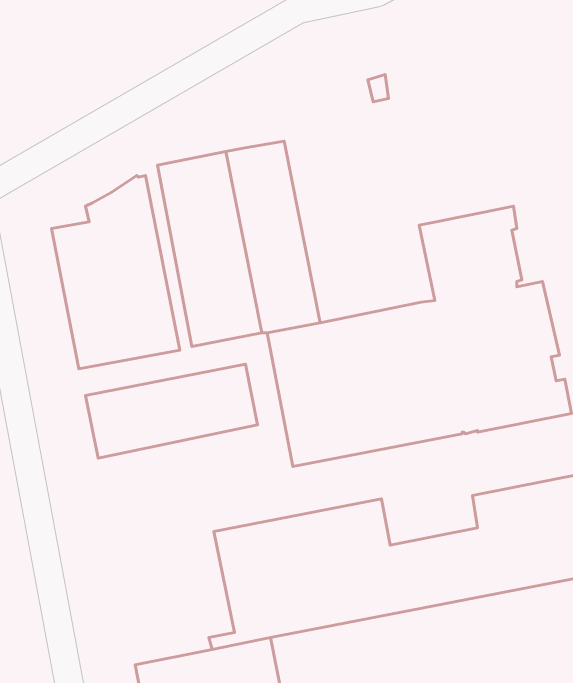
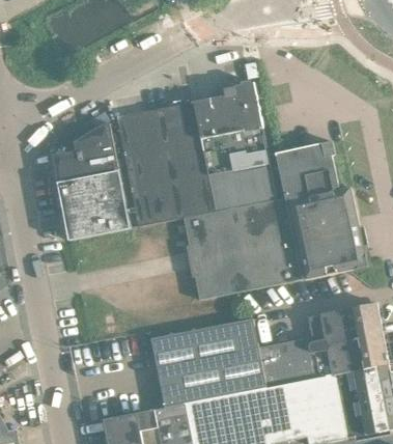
building: none -> [192,83,275,213]
building: [86,364,257,458] -> none

